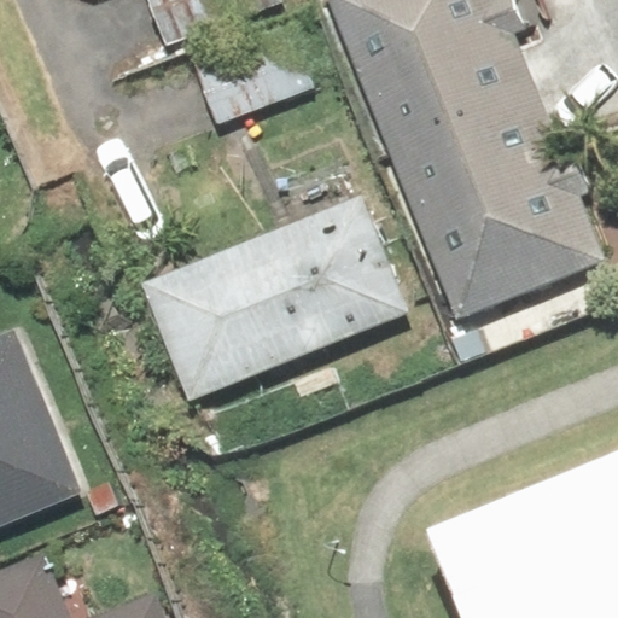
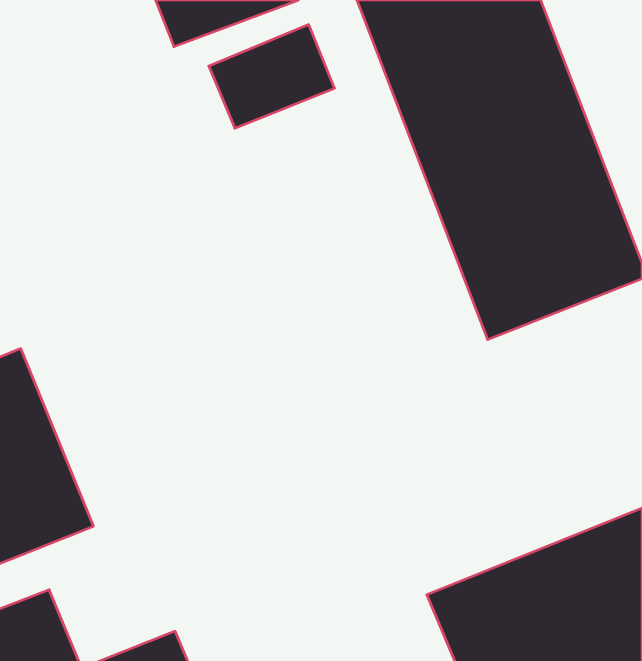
building: [150,192,413,397] -> none

